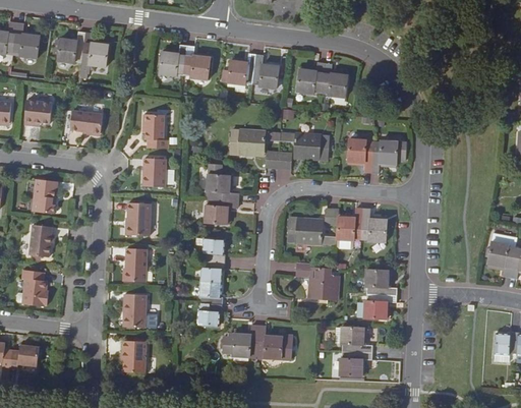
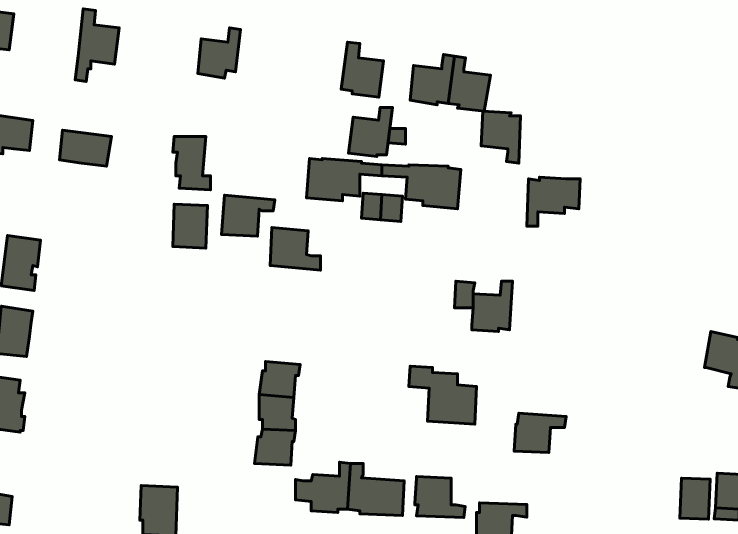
building: [57,31,85,63] -> none
building: [184,45,211,79] -> none
building: [228,53,256,84] -> [349,108,393,156]
building: [348,138,373,172] -> [481,111,521,163]
building: [205,197,239,224] -> [221,195,275,236]
building: [127,202,152,235] -> none
building: [361,208,388,242] -> none
building: [288,217,330,244] -> none
building: [201,237,226,261] -> none
building: [125,248,148,282] -> none
building: [365,269,398,295] -> none
building: [123,293,147,327] -> none
building: [341,326,373,352] -> [415,477,465,517]
building: none -> [680,478,710,519]

